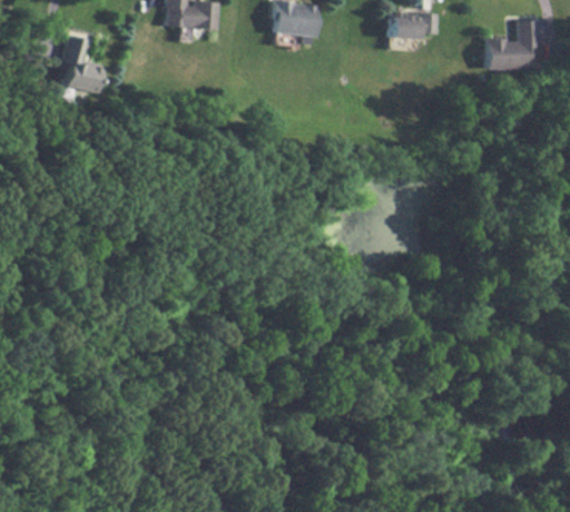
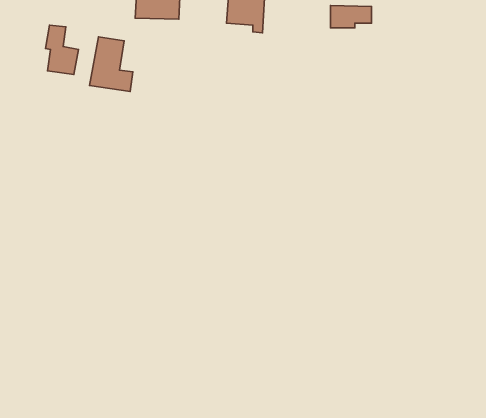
building: [487,20,539,69] -> none
building: none -> [90,37,133,92]

